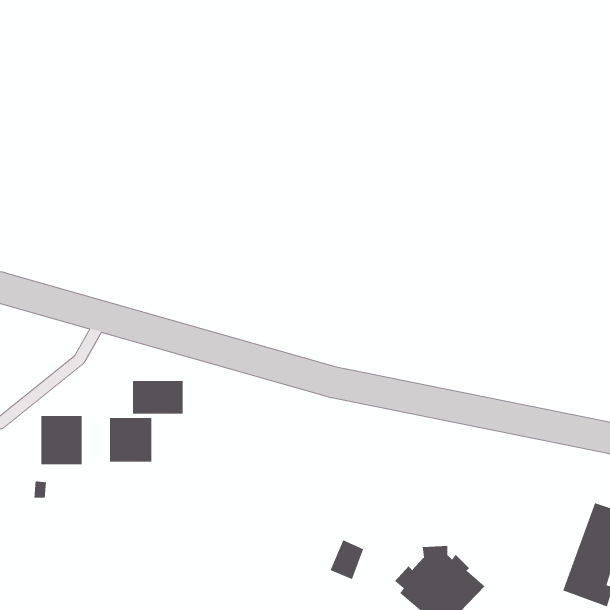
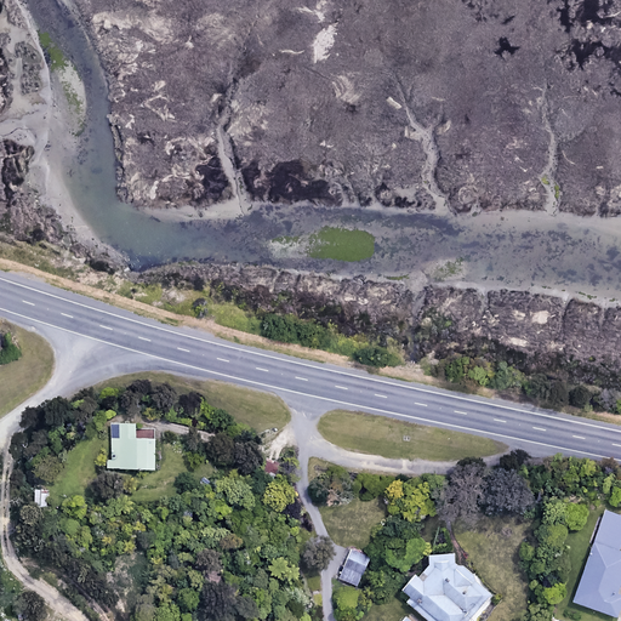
building: [132,380,183,414] -> none
building: [40,415,83,465] -> none

